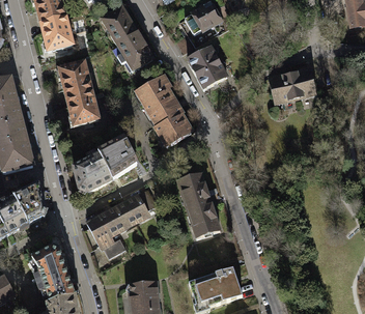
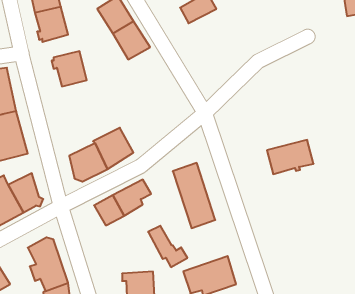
building: [188,46,227,88] -> none
building: [269,69,315,104] -> [267,140,314,174]
building: [137,76,191,146] -> none
building: [66,90,99,125] -> none
building: [86,216,125,257] -> [148,226,187,267]

